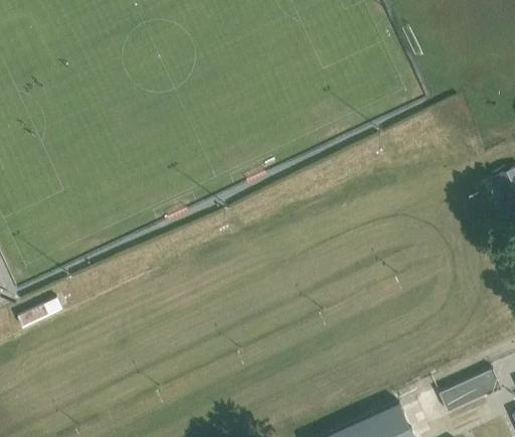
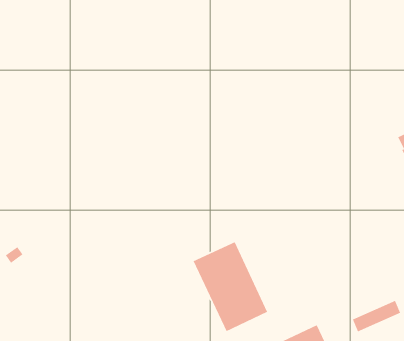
building: none -> [192,241,268,332]

